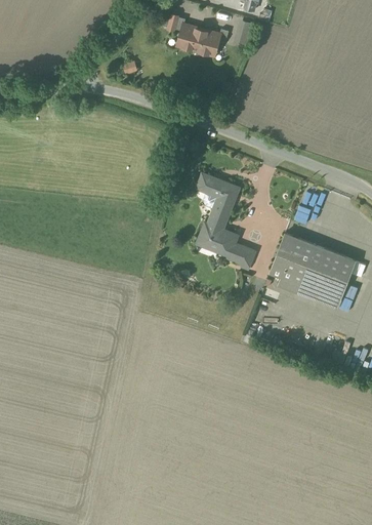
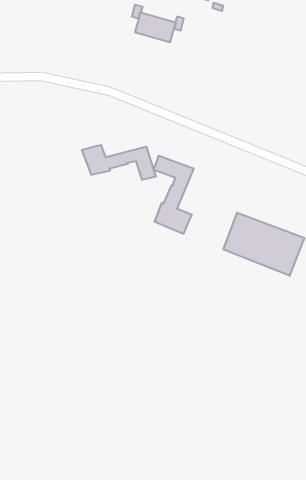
building: none -> [82,145,156,180]
building: [226,243,254,270] -> none

